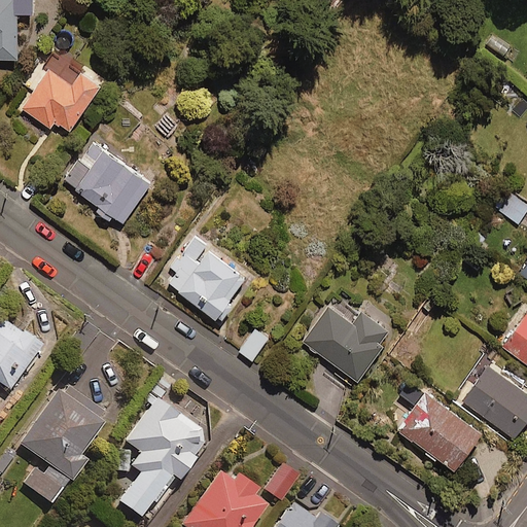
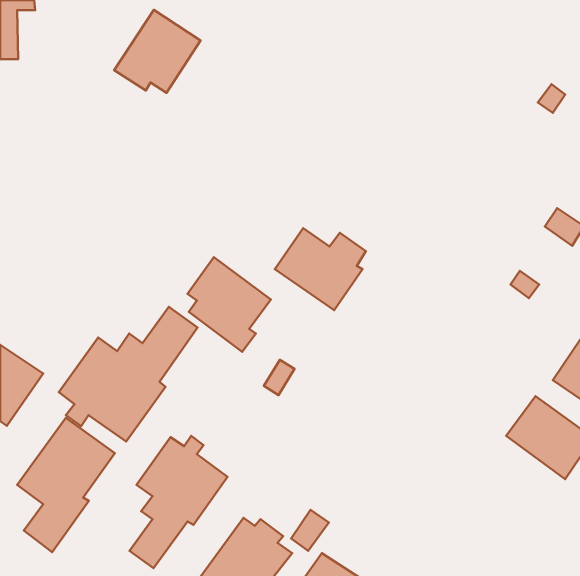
building: [22,56,100,131] -> [114,10,200,93]
building: [64,141,150,226] -> none
building: none -> [59,307,197,442]
building: [304,308,386,382] -> [275,228,366,310]
building: [398,379,481,469] -> none

